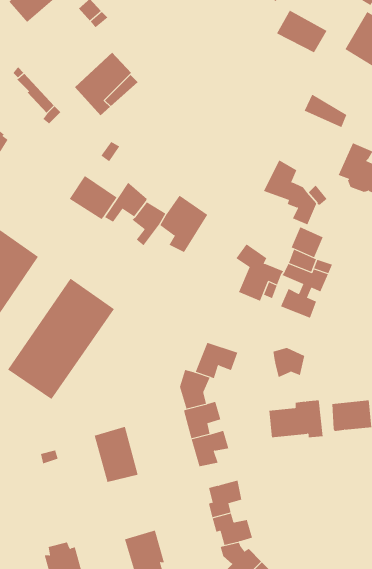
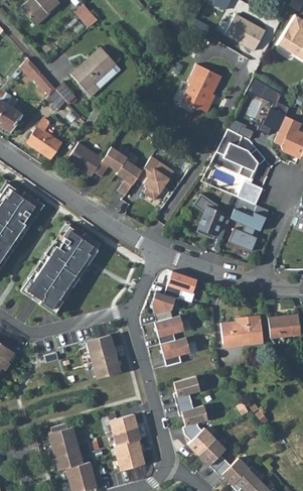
building: none -> [181,62,221,108]
building: none -> [26,119,59,157]
building: [273,347,305,378] -> none

